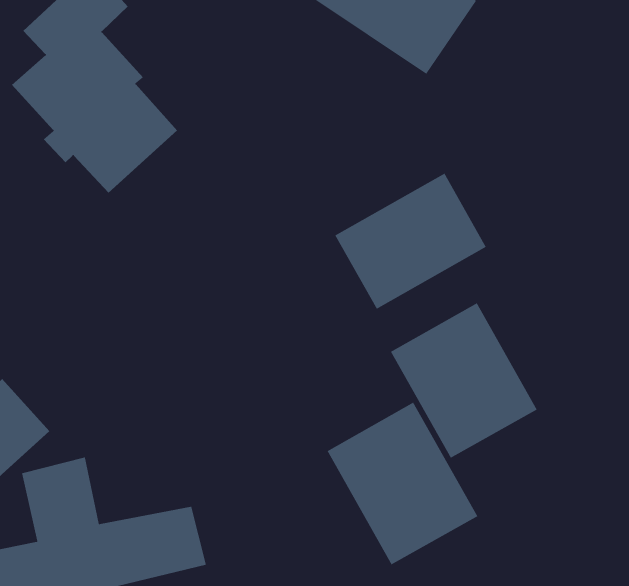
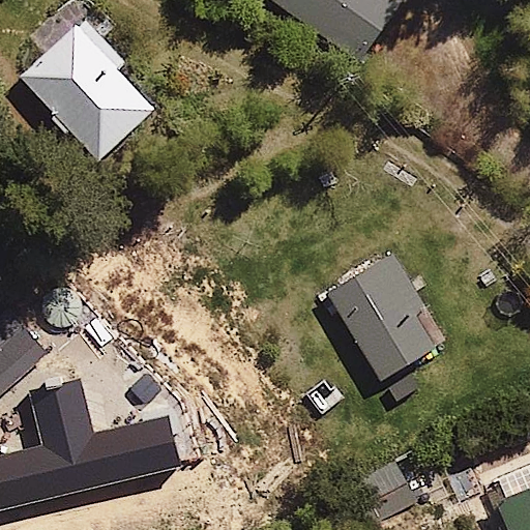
building: [334,173,487,310] -> none
building: [326,402,478,566] -> none

